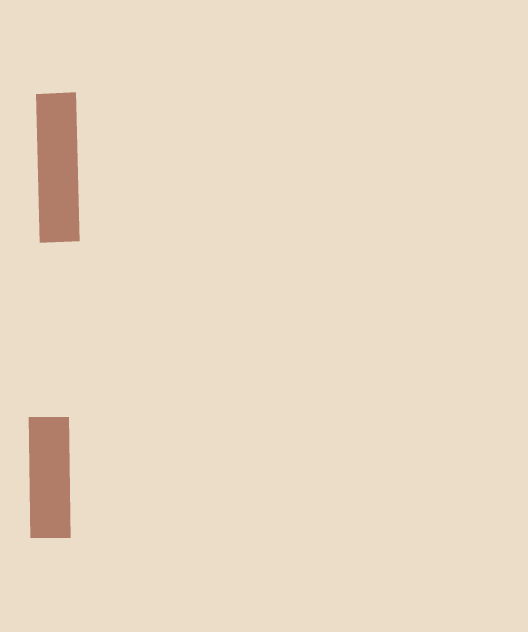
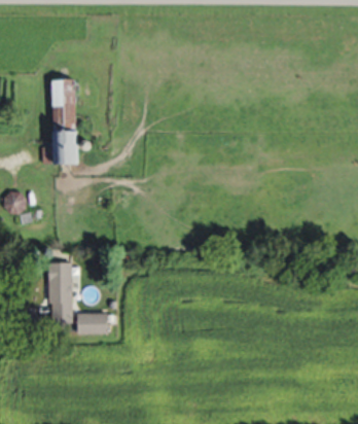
building: none -> [79,313,106,332]

